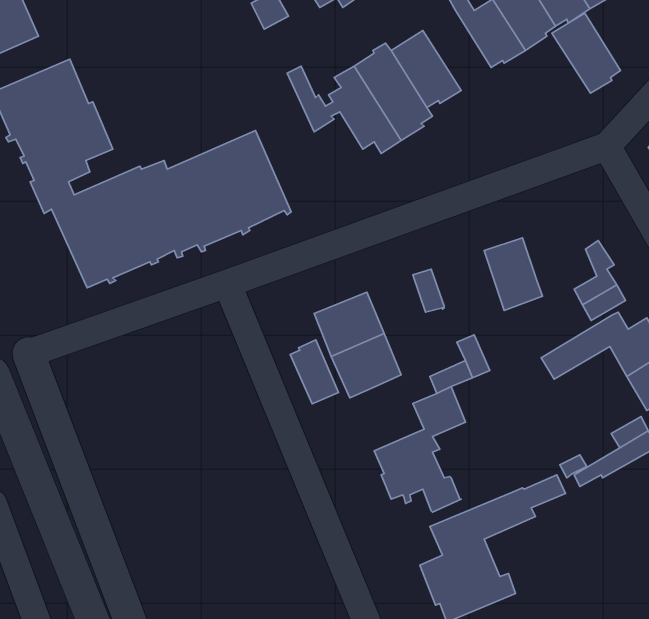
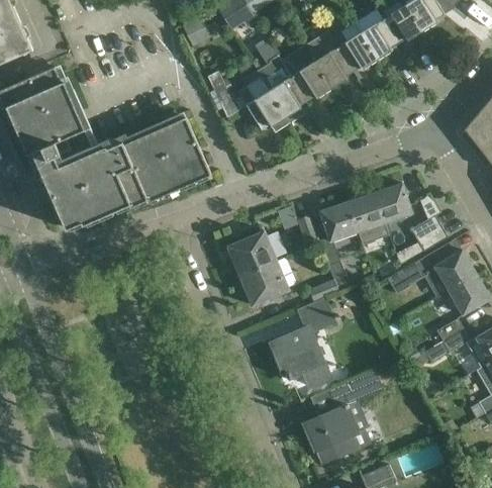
building: [552,13,620,93] -> [304,32,353,89]
building: none -> [375,184,412,223]
building: none -> [319,202,358,242]
building: [290,340,338,404] -> none

